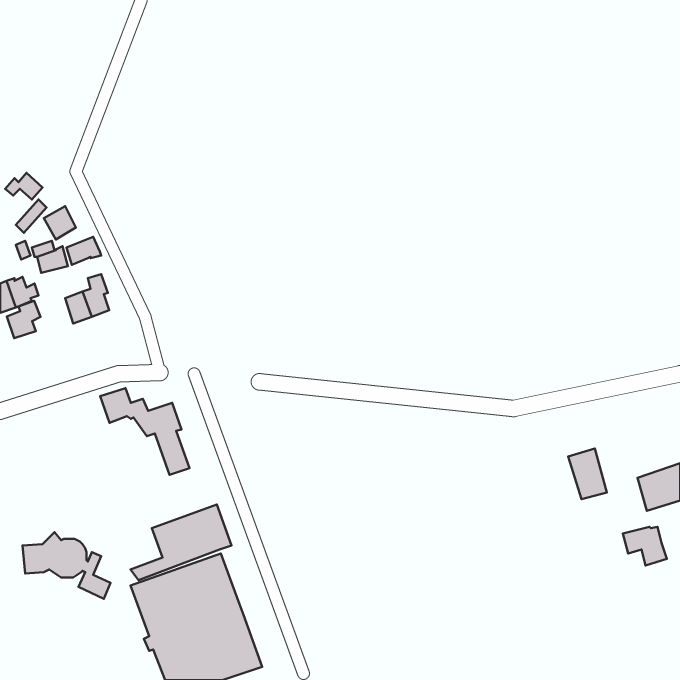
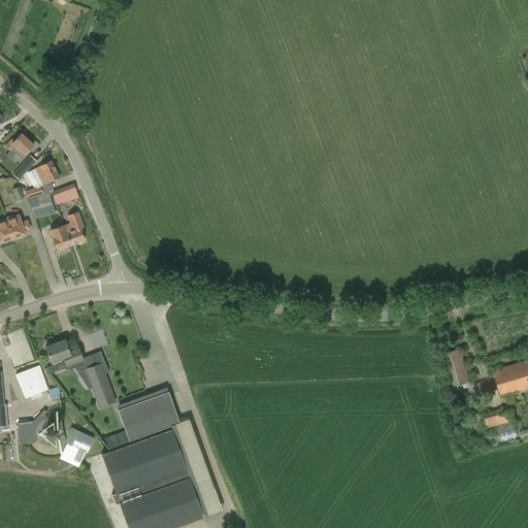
building: [7,301,41,338] -> none
building: [100,388,189,475] -> [45,340,114,407]
building: none -> [15,365,48,399]

